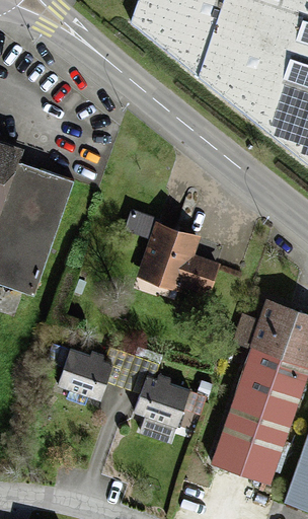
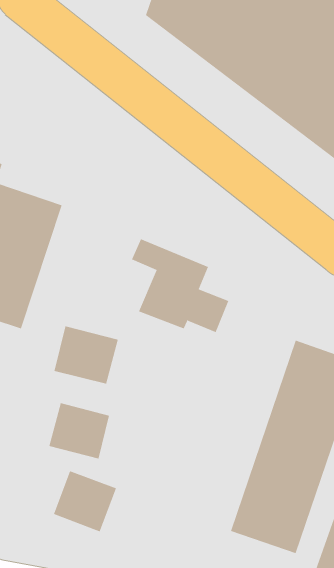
building: none -> [54,326,119,384]
building: [132,380,186,433] -> [53,471,117,532]

